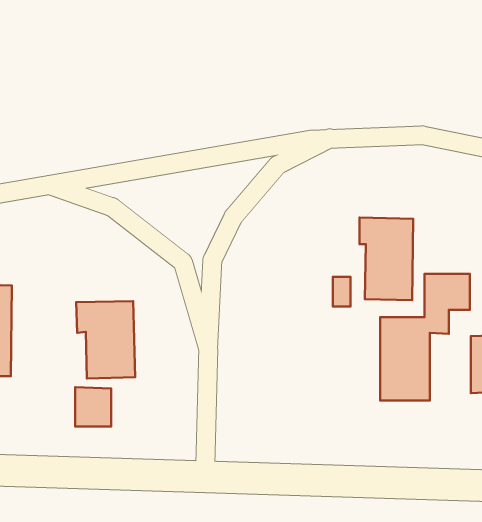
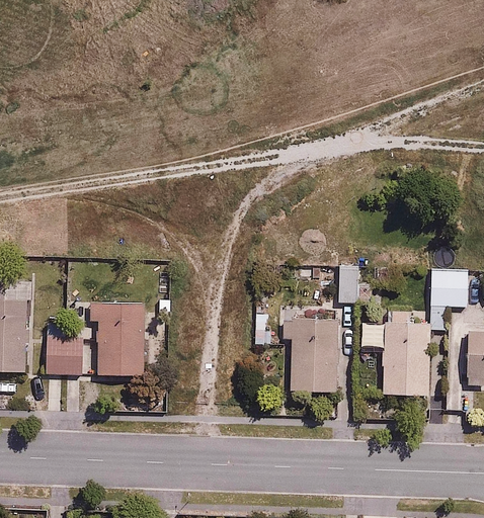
building: [359,218,413,300] -> [286,313,337,392]
building: [75,387,111,426] -> [47,340,81,377]

